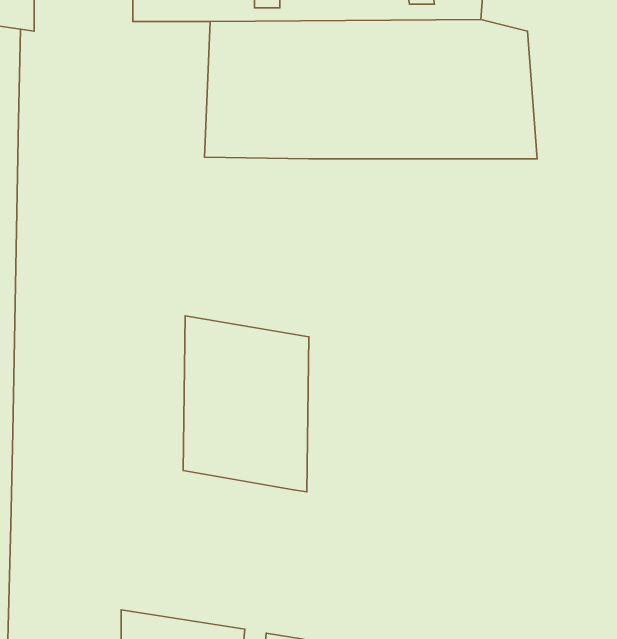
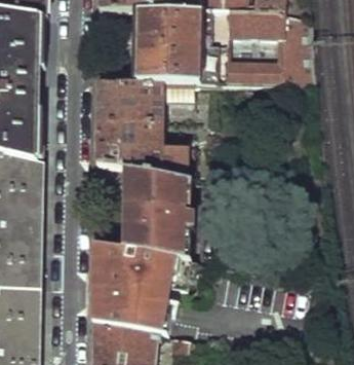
building: none -> [93,83,190,180]
building: none -> [90,246,191,336]

